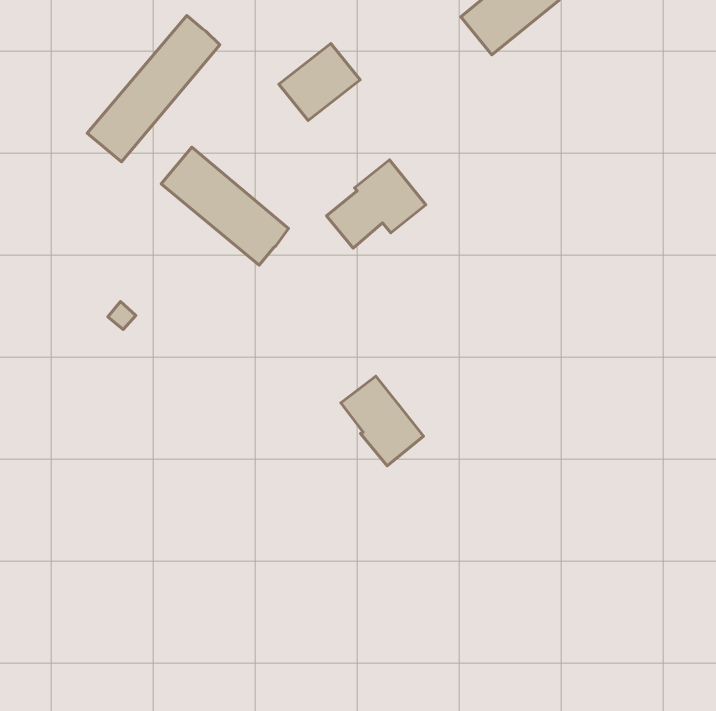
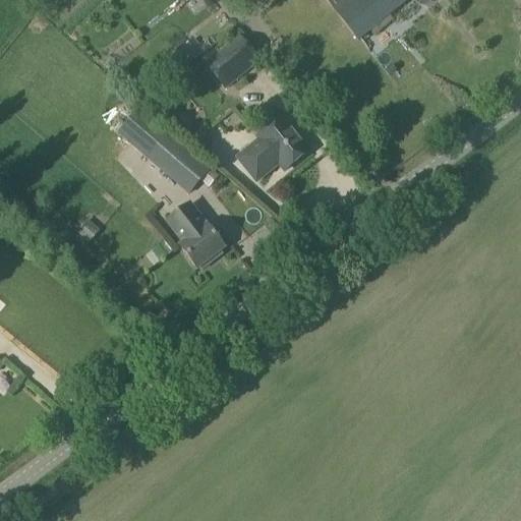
building: [87,16,220,162] -> none
building: [341,376,423,466] -> [163,202,223,268]

